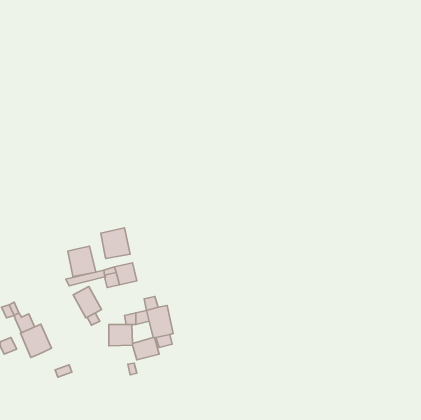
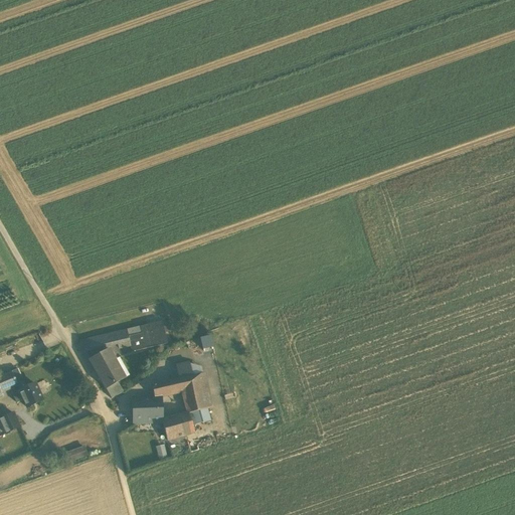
building: [101,228,130,259] -> none
building: [68,246,96,276] -> none
building: [20,324,52,357] -> none

